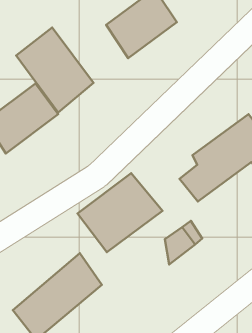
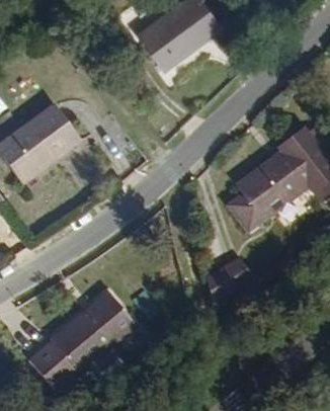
building: [16,27,93,113] -> none
building: [78,173,162,252] -> none

